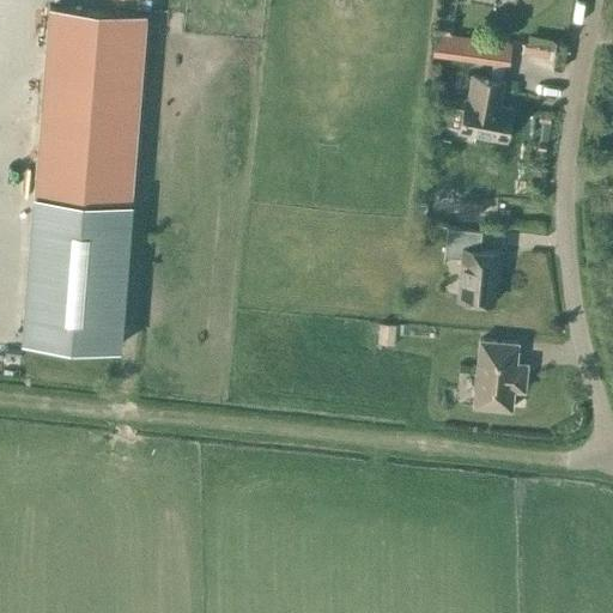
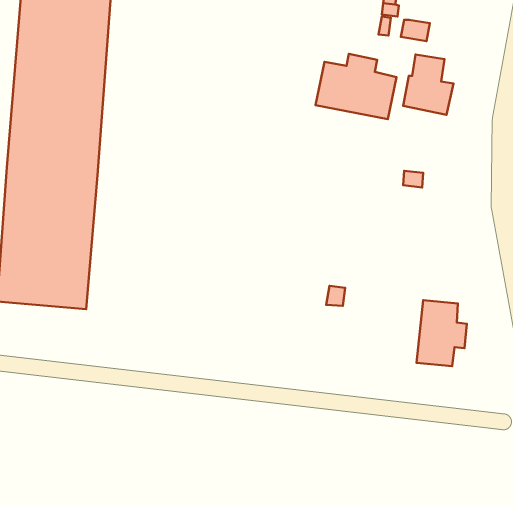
building: none -> [316,54,396,119]
building: [445,231,503,306] -> none

